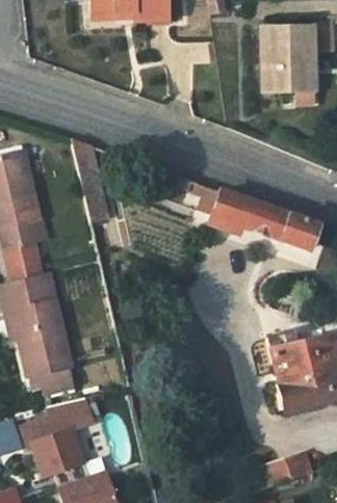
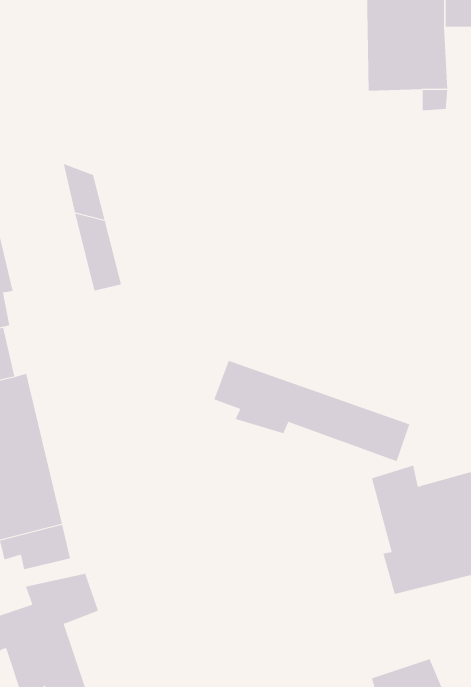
building: [197,185,321,249] -> [213,360,410,462]

